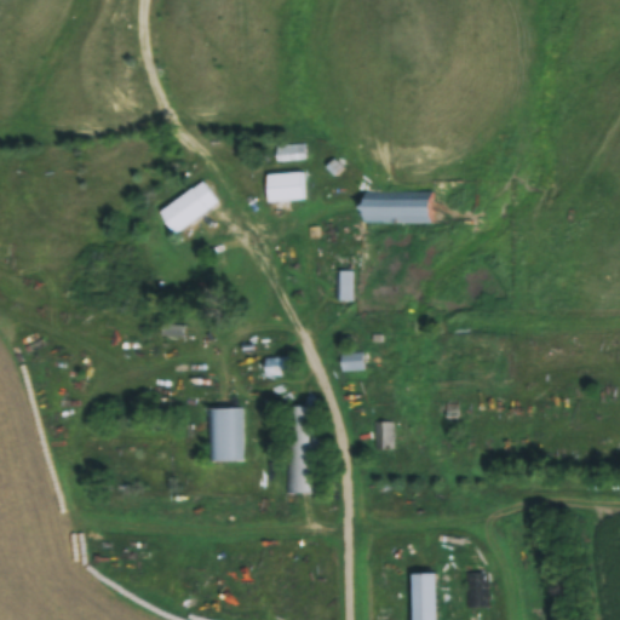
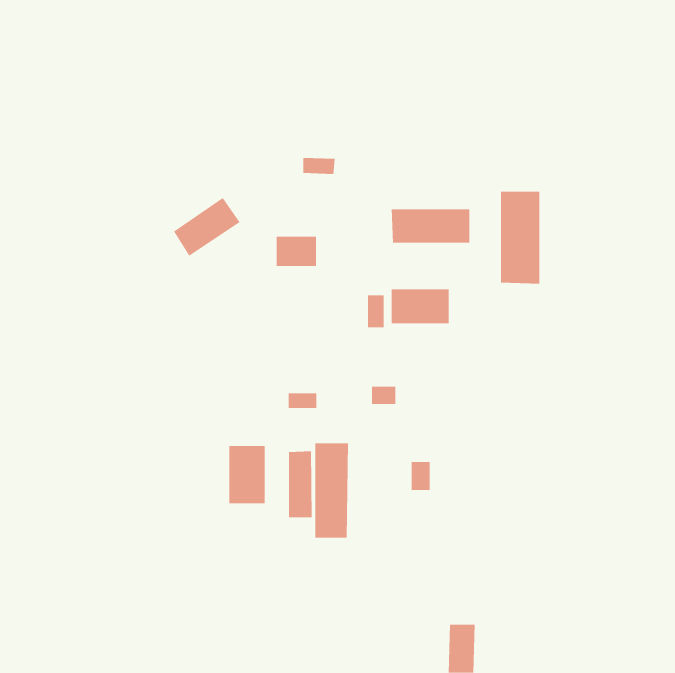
building: [266,172,304,200] -> [276,236,317,267]
building: none -> [500,191,540,285]
building: none -> [391,288,449,324]
building: none -> [288,450,312,518]

